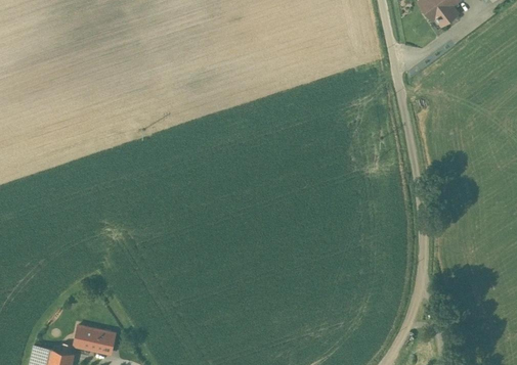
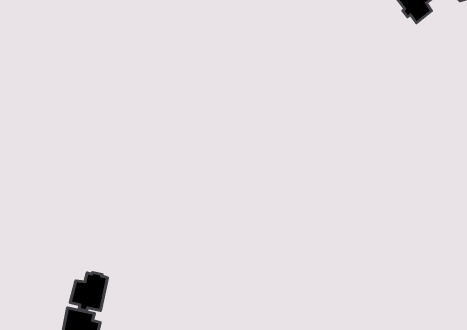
building: none -> [70,272,108,311]

